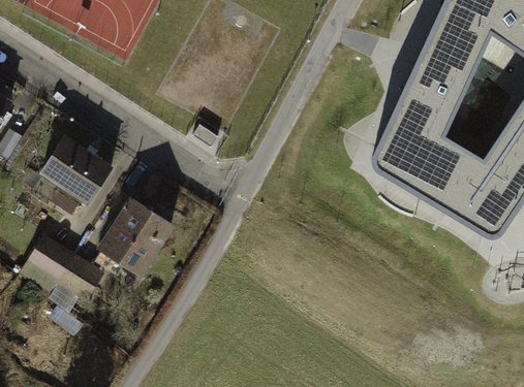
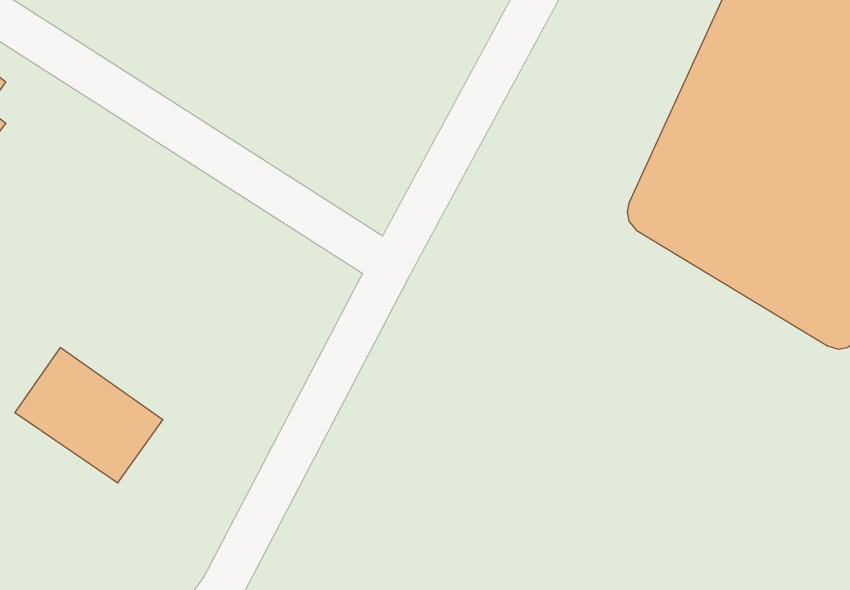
building: [45,139,113,200] -> none
building: [109,195,184,271] -> none

